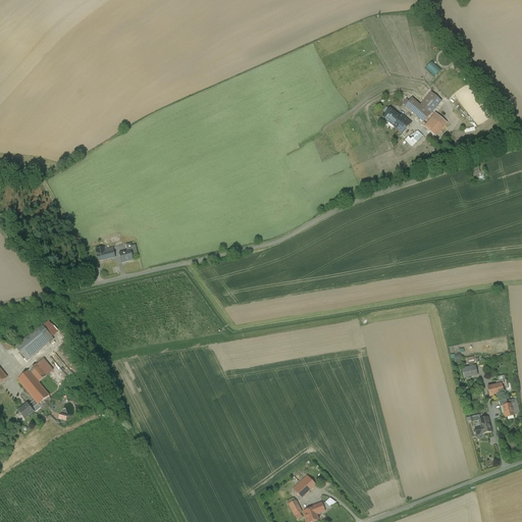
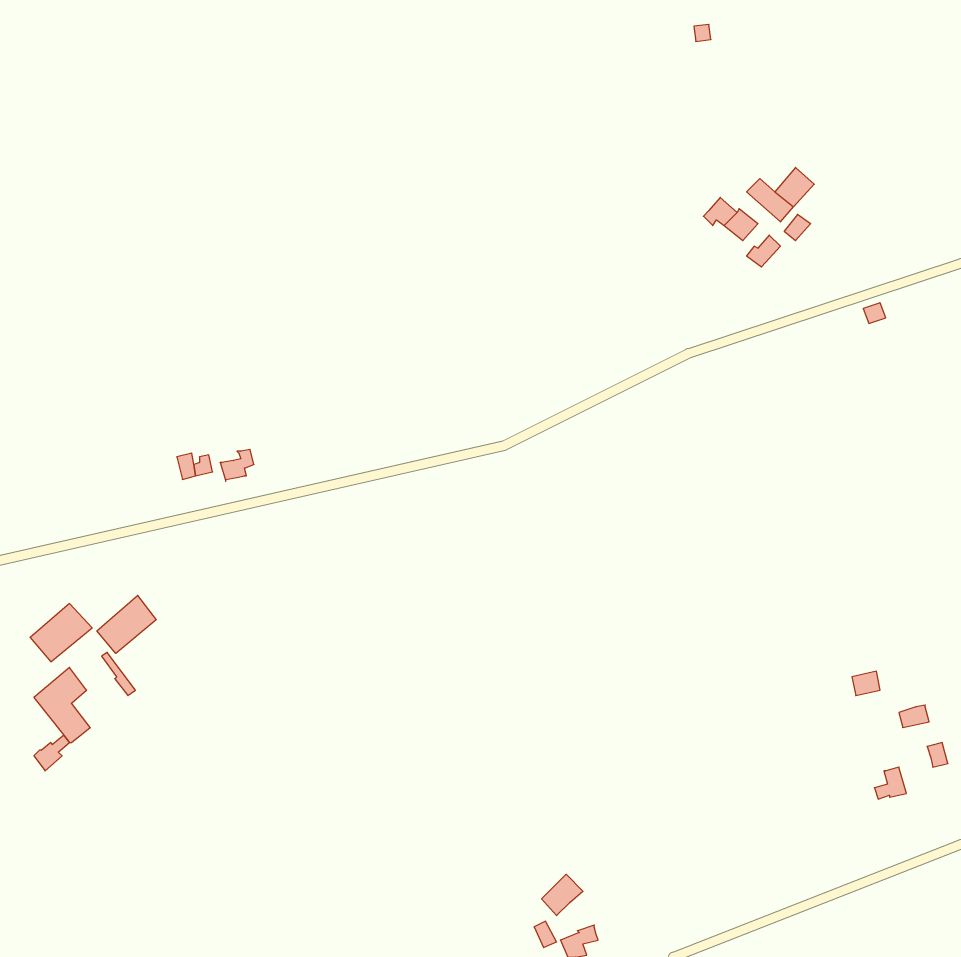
building: none -> [97,595,156,653]

